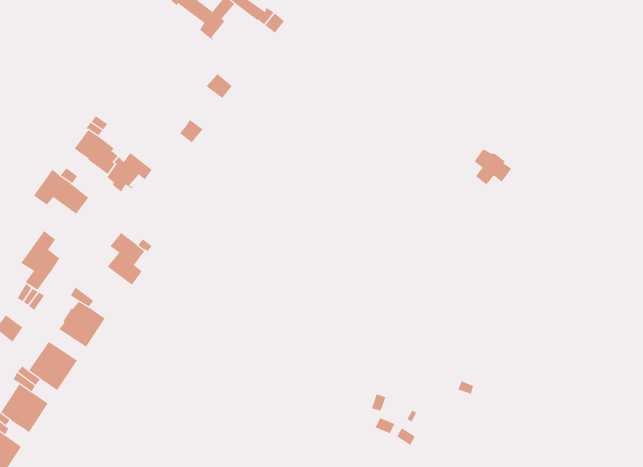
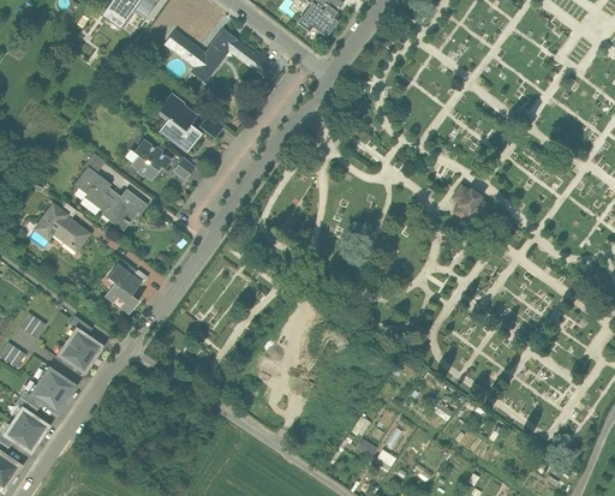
building: none -> [159,92,199,149]
building: none -> [126,138,171,179]
building: [20,230,60,290] -> none

